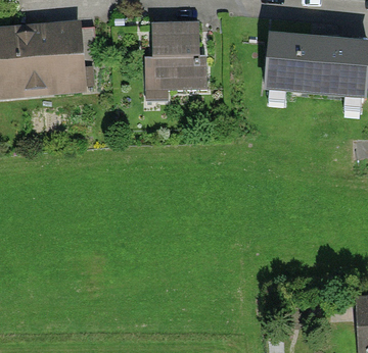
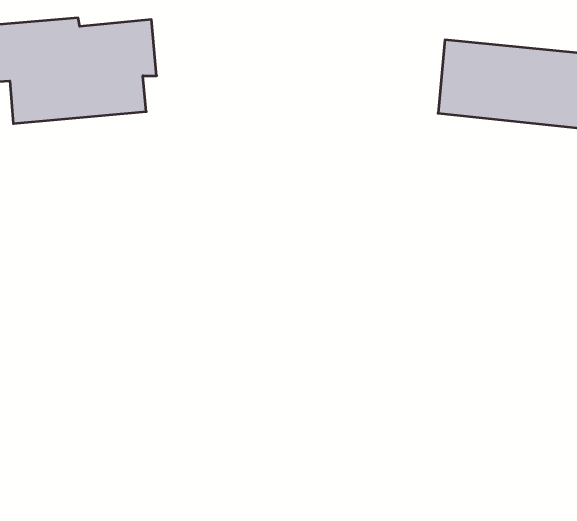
building: [143,22,204,100] -> none

